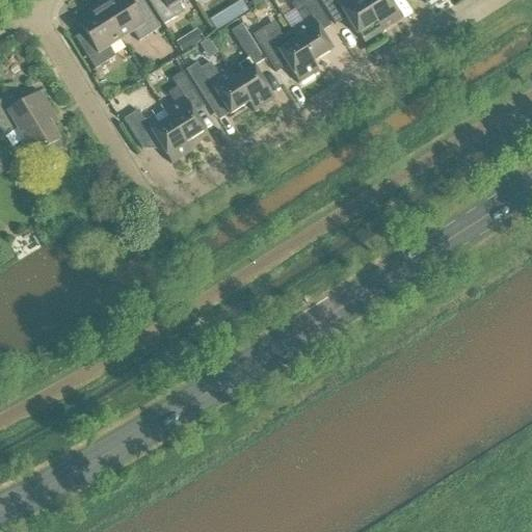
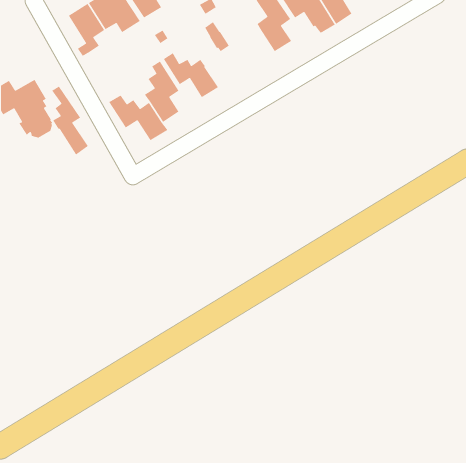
building: [254,24,320,80] -> none
building: [235,55,275,108] -> none
building: none -> [51,85,89,155]

